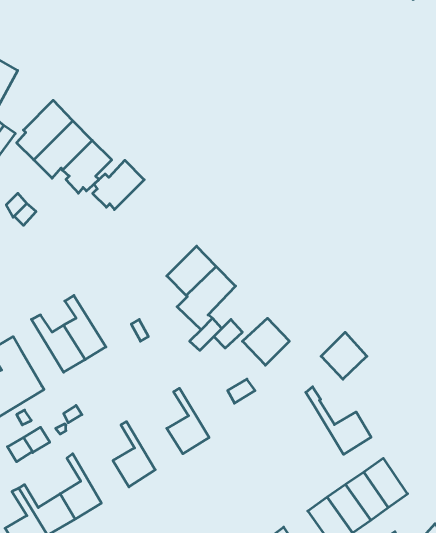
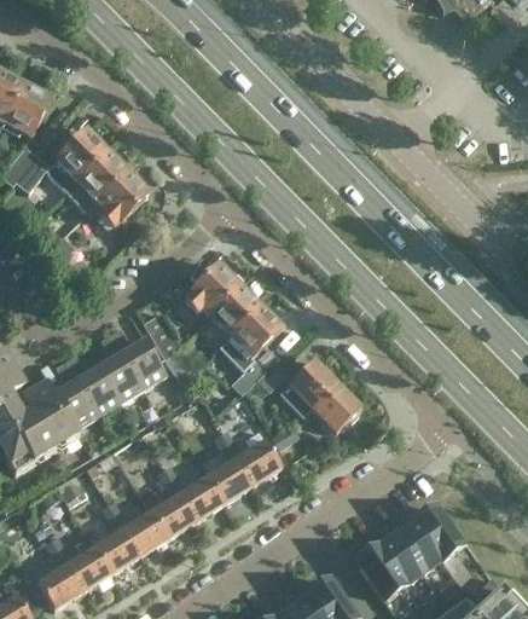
building: [93,160,144,210] -> [184,264,238,316]
building: none -> [143,311,179,358]
building: none -> [109,330,167,391]
building: none -> [53,361,98,432]
building: [321,332,367,379] -> [311,384,359,434]
building: [306,387,371,454] -> [211,415,280,486]
building: none -> [164,465,224,520]
building: none -> [108,499,167,555]

